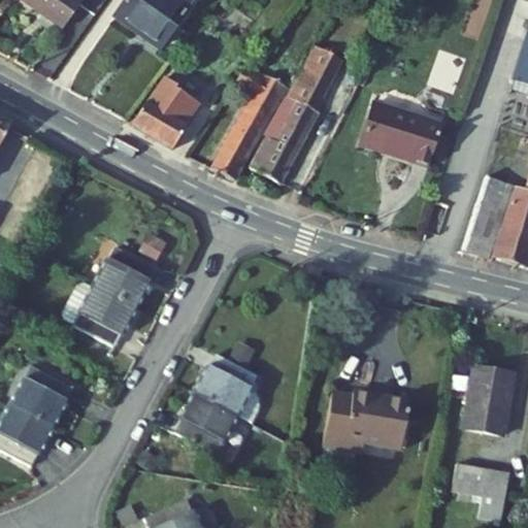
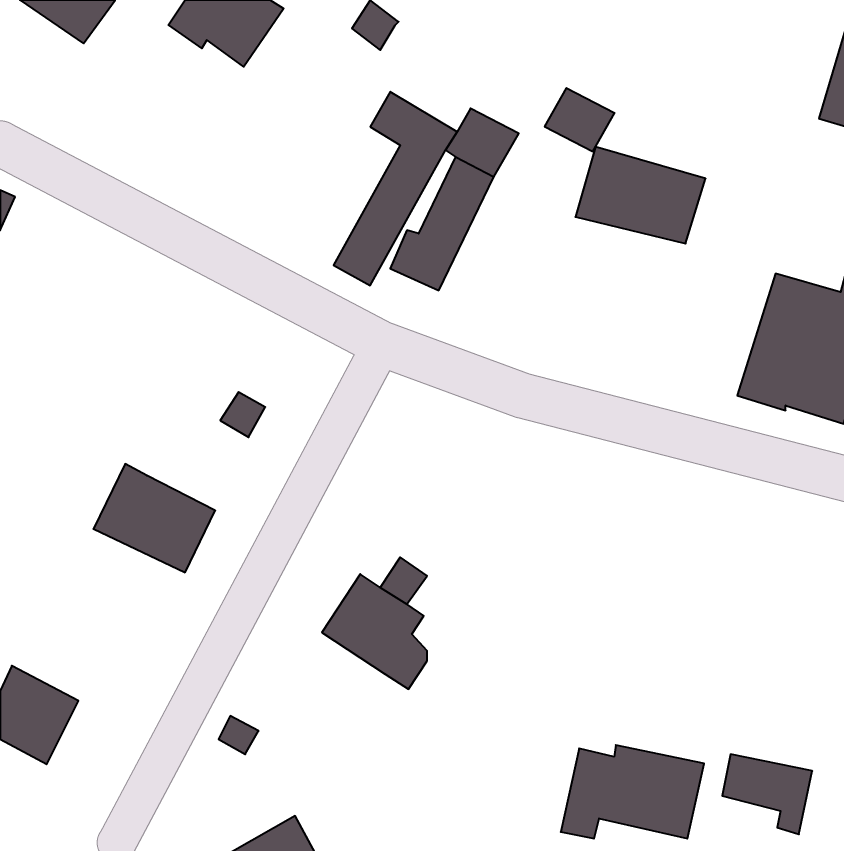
building: [296,44,339,84] -> [545,88,615,151]
building: [133,75,196,146] -> none
building: [96,256,158,317] -> none
building: [463,370,519,441] -> none
building: [12,372,74,434] -> none
building: [180,392,243,455] -> none
building: [324,394,412,452] -> [561,745,704,839]

